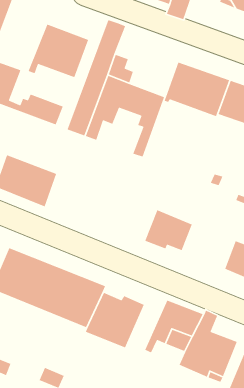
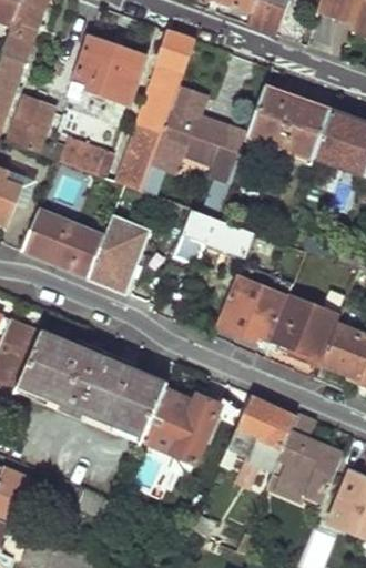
building: none -> [172,204,255,264]
building: none -> [88,217,146,293]
building: none -> [273,302,331,362]

